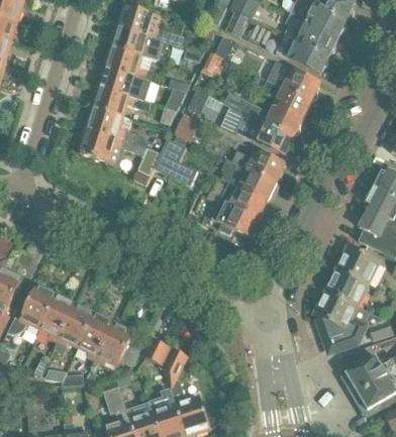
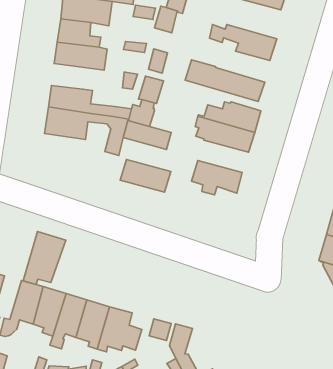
building: [267,68,319,99] -> none
building: [94,87,150,115] -> none
building: [223,92,301,137] -> none
building: [218,182,267,218] -> [120,160,171,192]
building: none -> [23,232,66,284]

